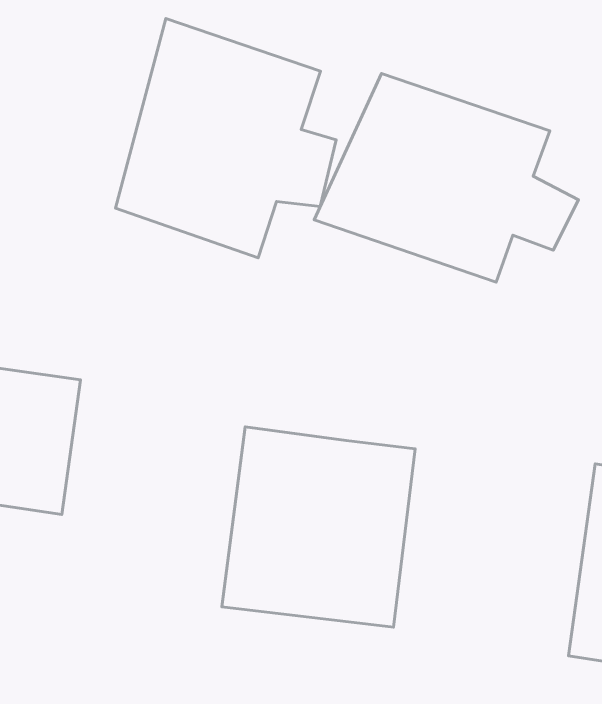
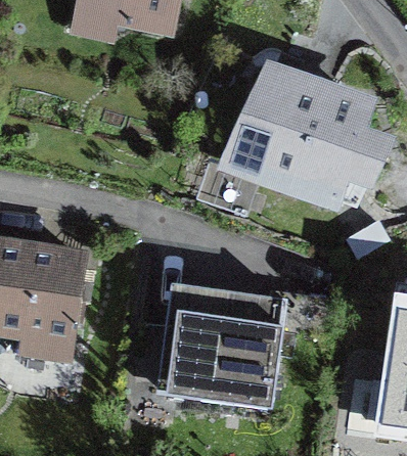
building: [115,18,336,258] -> none

